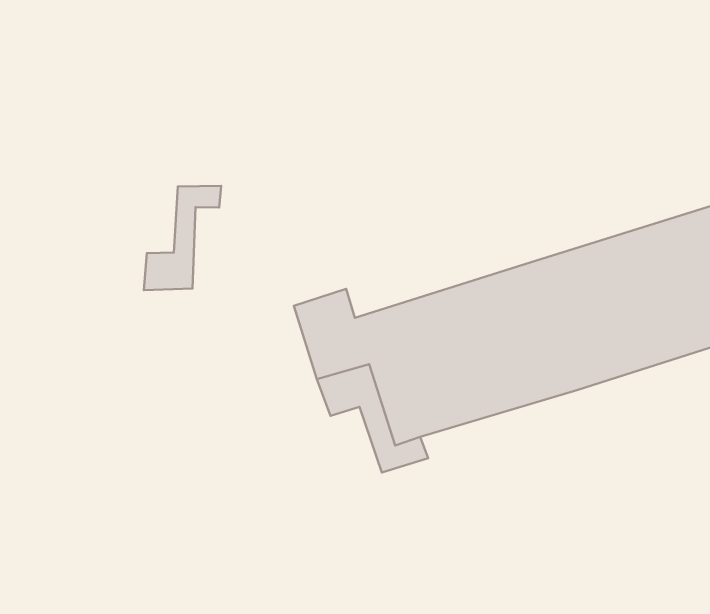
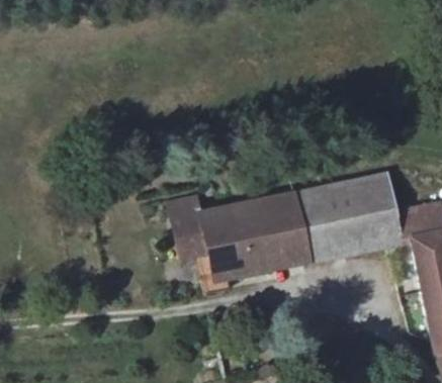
building: [144,186,221,290] -> none

